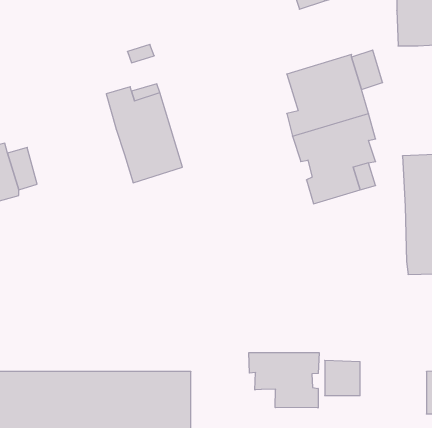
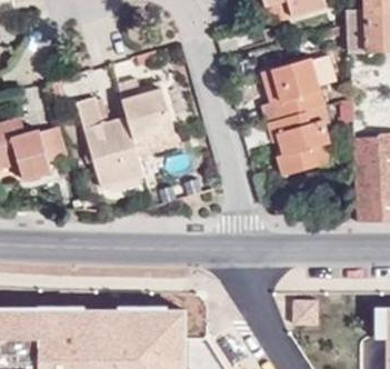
building: none -> [78,97,146,186]
building: [249,353,319,408] -> none

